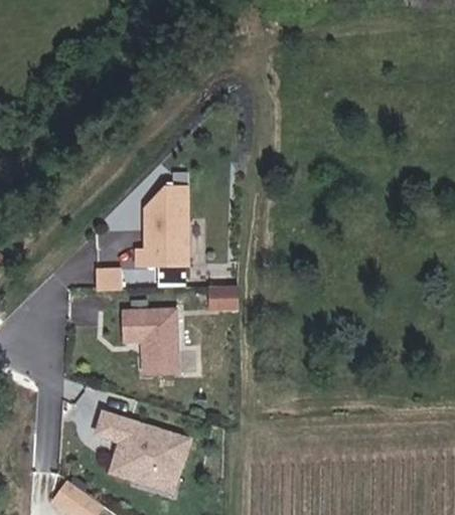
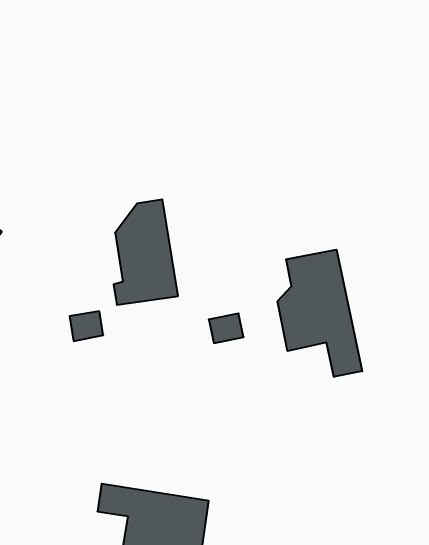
building: none -> [278,250,362,377]
building: [124,308,179,373] -> none

